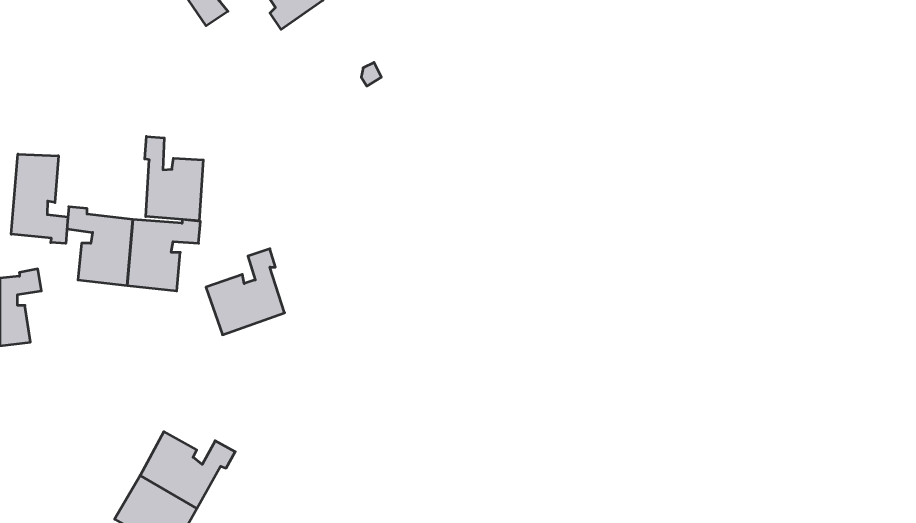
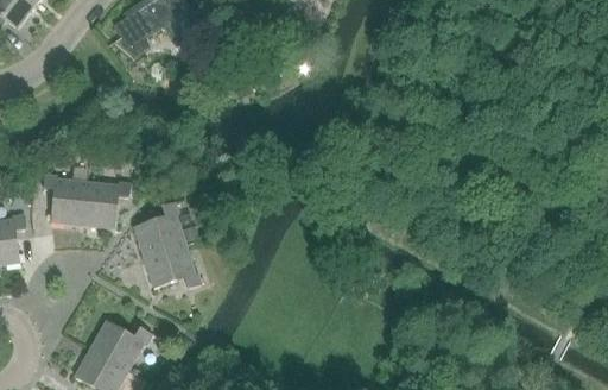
building: [145,136,203,221] -> none
building: [11,154,68,243] -> none
building: none -> [145,241,202,287]

